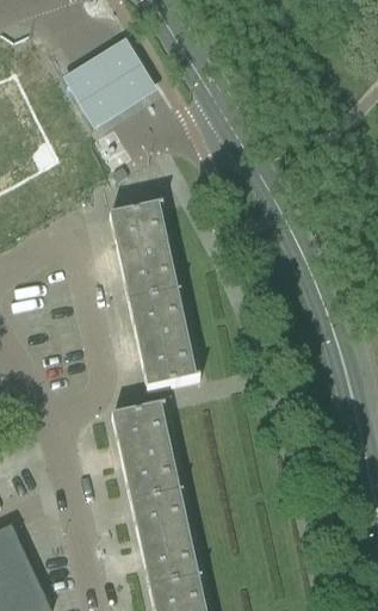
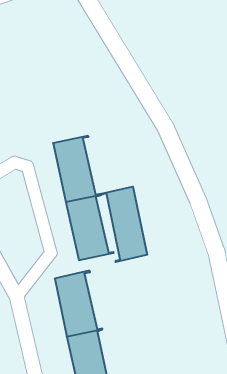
building: [62,30,157,122] -> none
building: none -> [101,187,147,262]

